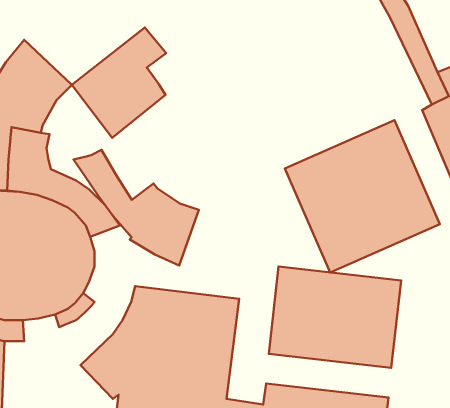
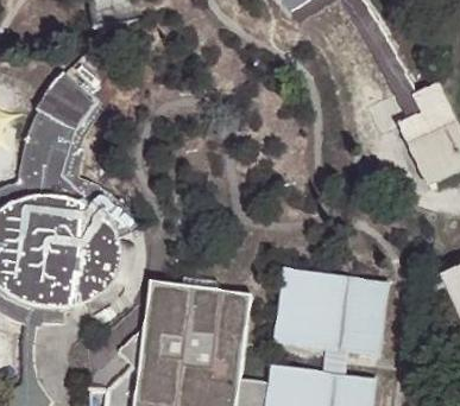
building: [72,27,166,138] -> none
building: [285,120,440,272] -> none
building: [73,150,199,265] -> none

